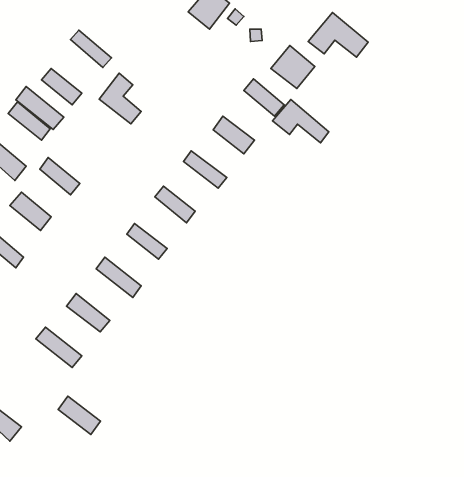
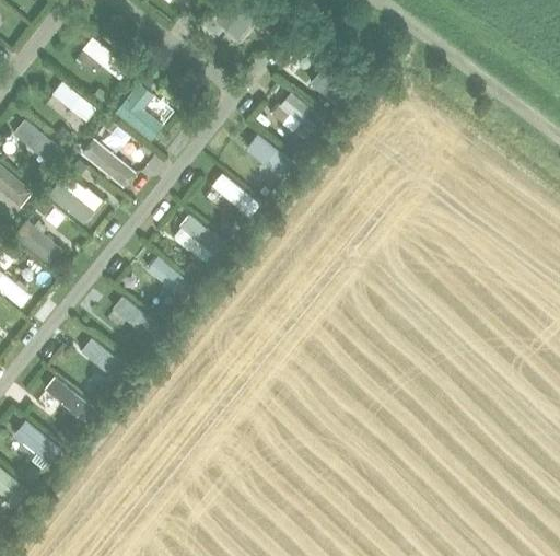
building: [308,13,368,57] -> none
building: [16,86,64,130] -> [80,138,135,187]
building: [273,100,329,143] -> none
building: [58,396,100,435] -> [12,420,60,464]

